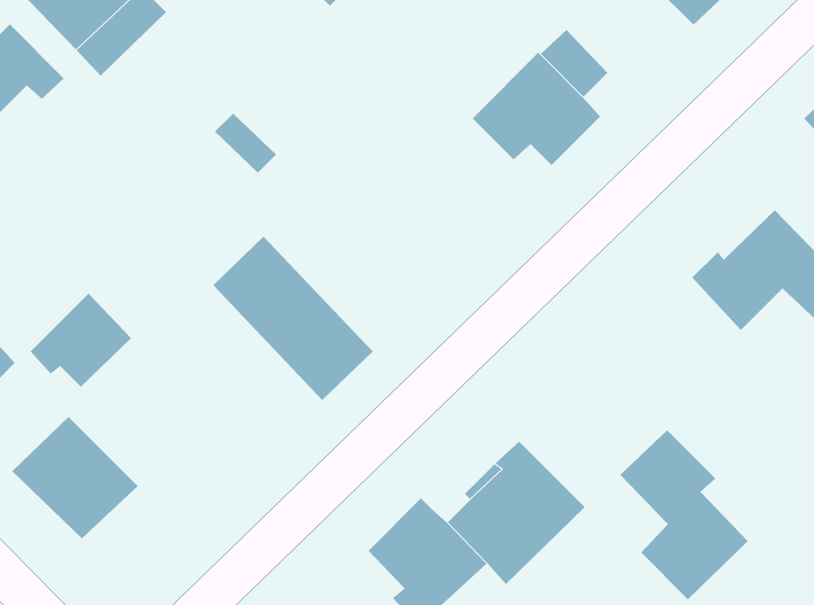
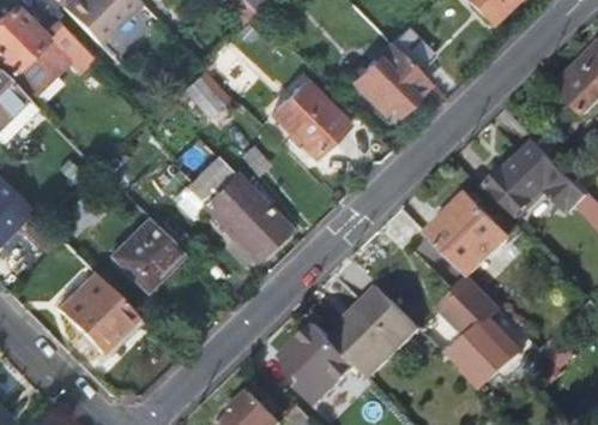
building: none -> [276,79,348,150]
building: [30,293,132,388] -> [111,220,176,280]
building: none -> [425,193,507,274]

